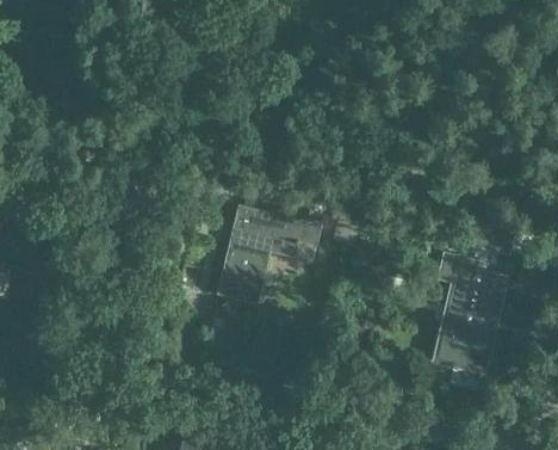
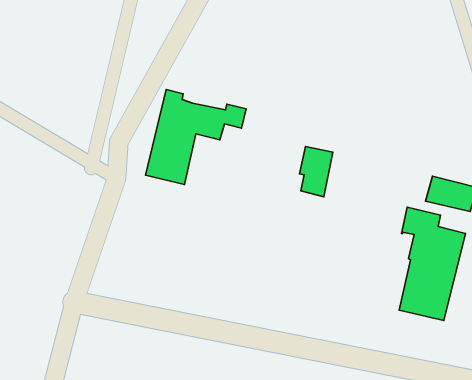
building: [217,208,322,307] -> [145,89,246,184]

